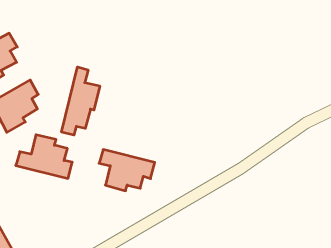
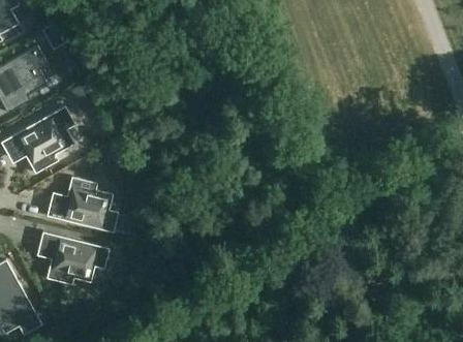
building: [62,67,100,135] -> none
building: [99,150,155,191] -> [37,231,109,284]

